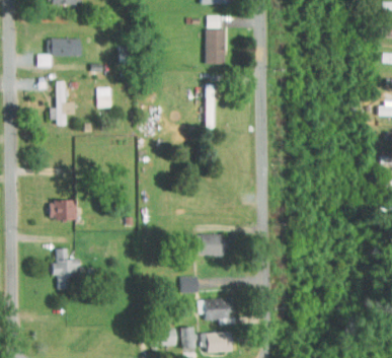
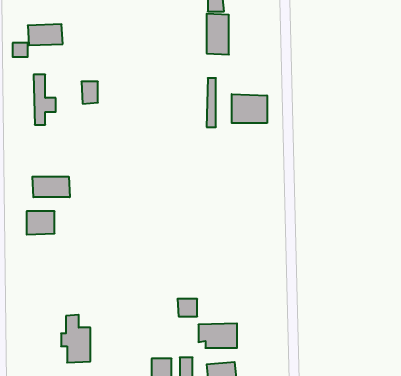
building: none -> [232,94,267,123]
building: none -> [32,177,70,197]
building: [198,234,224,256] -> none
building: [53,248,78,290] -> [61,315,90,363]

